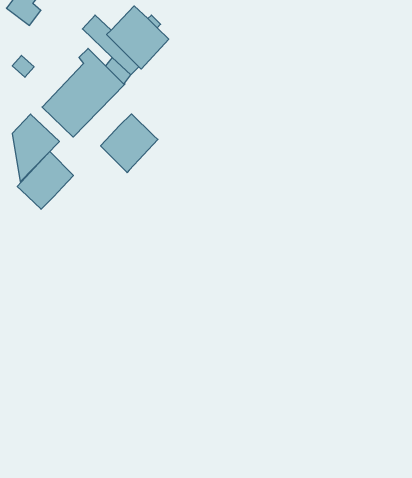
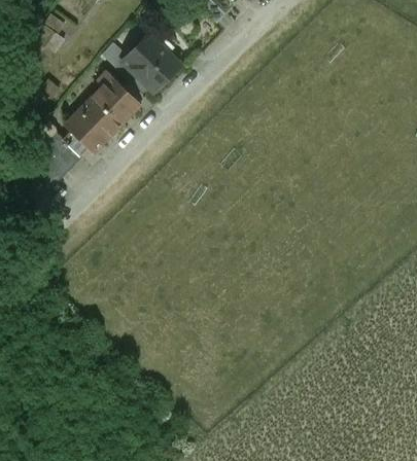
building: [101,114,158,173] -> none
building: [17,152,73,209] -> none

